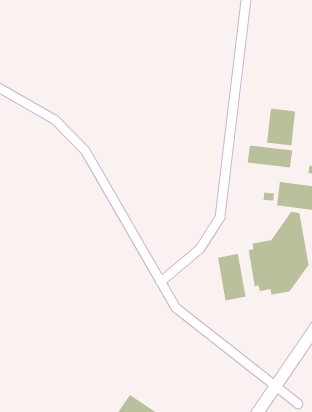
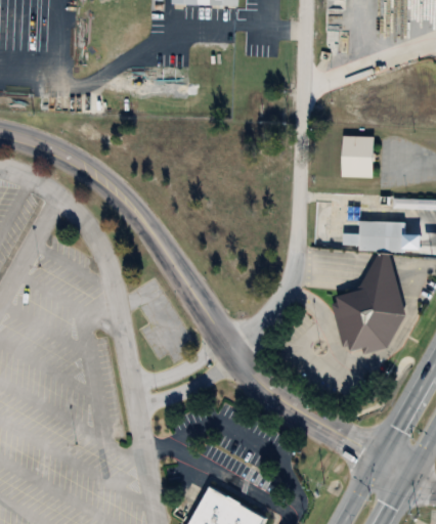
building: [247,145,293,168] -> none
building: [217,253,246,301] -> none

